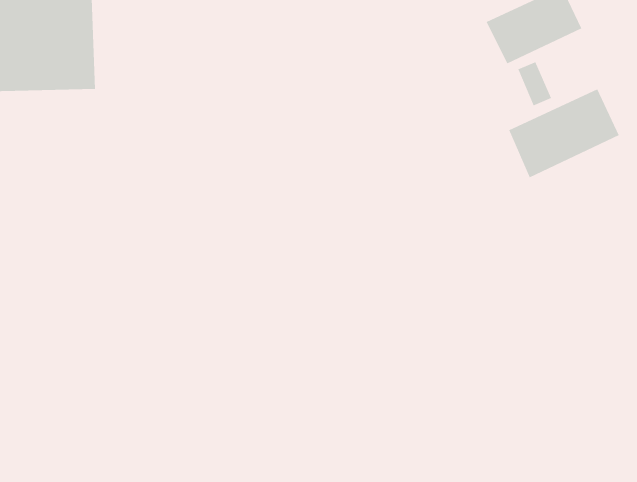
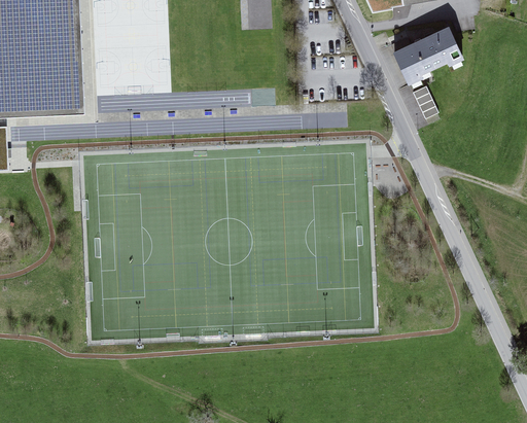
building: [508,88,620,178] -> none

